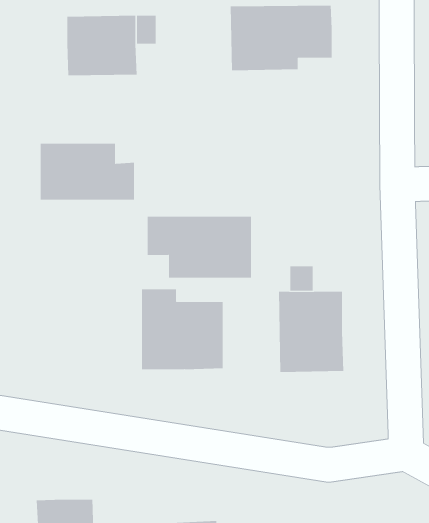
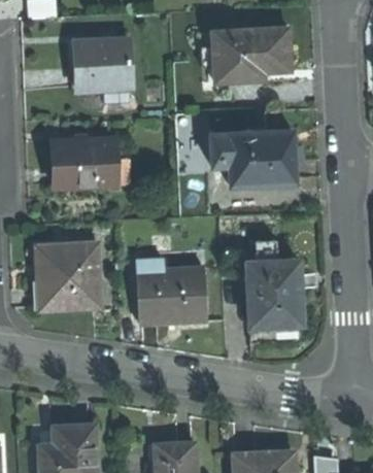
building: [147,216,252,278] -> [206,131,292,181]
building: none -> [36,243,100,307]

